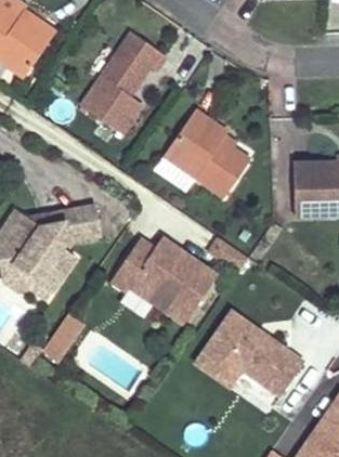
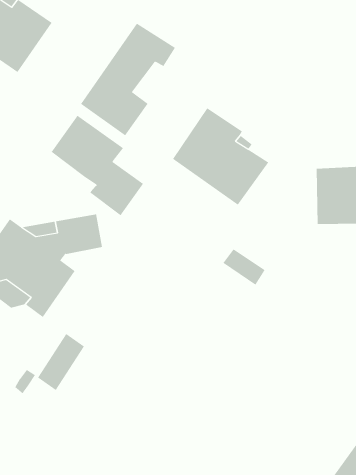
building: none -> [51,115,144,216]
building: [109,236,216,321] -> none
building: [190,310,303,407] -> none

